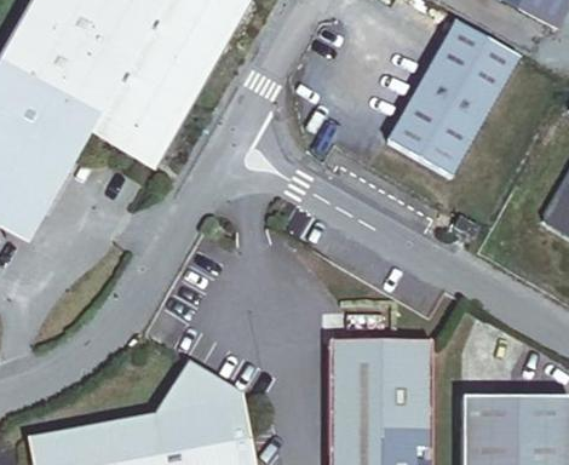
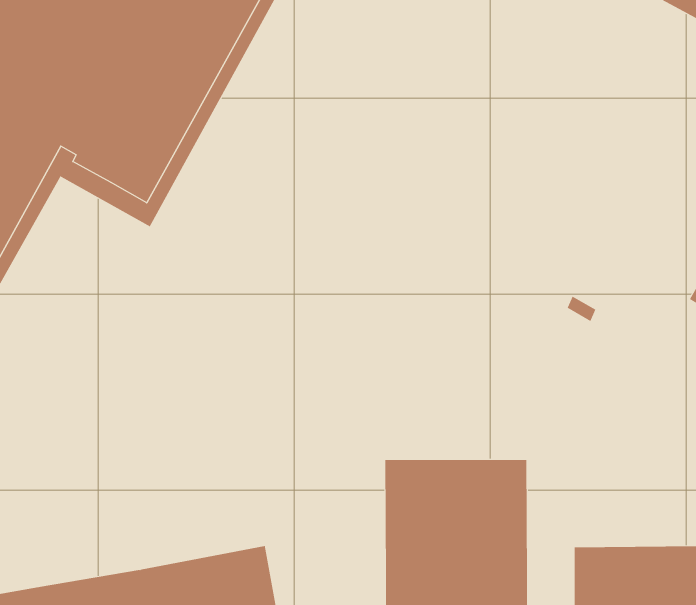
building: [380,19,512,174] -> none
building: [156,357,245,412] -> none

